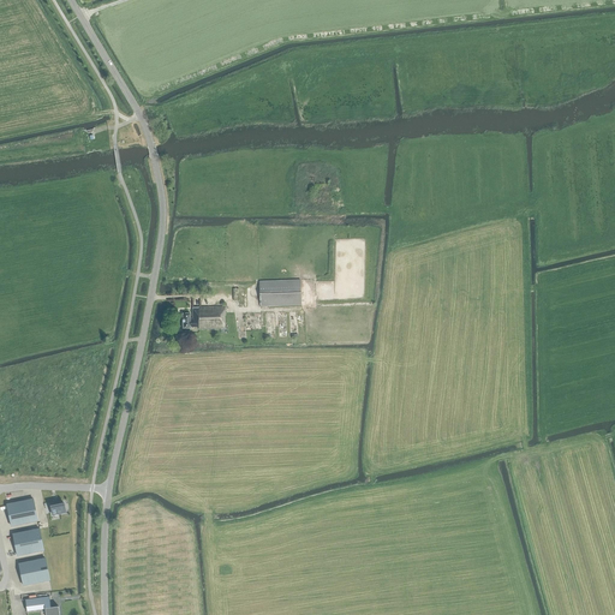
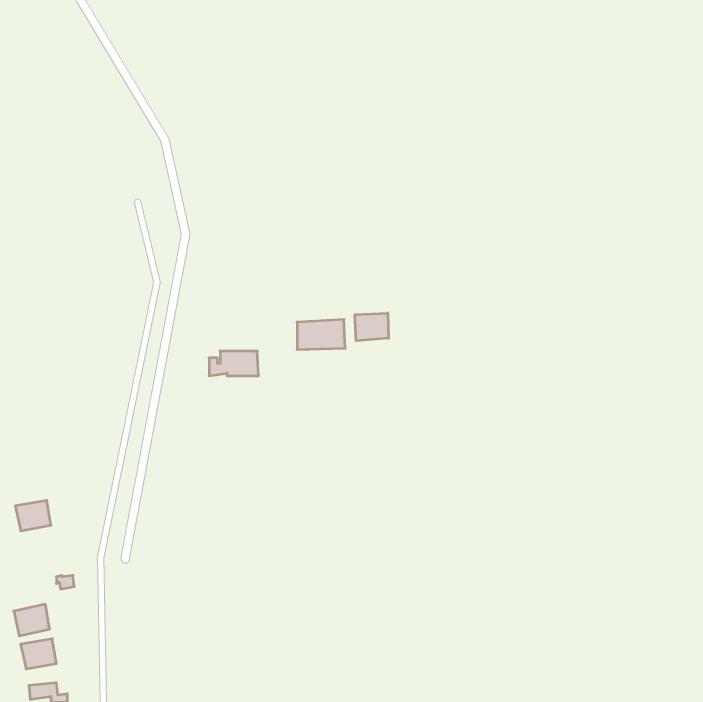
building: none -> [355,313,389,341]
building: [6,498,37,525] -> [15,500,51,531]

